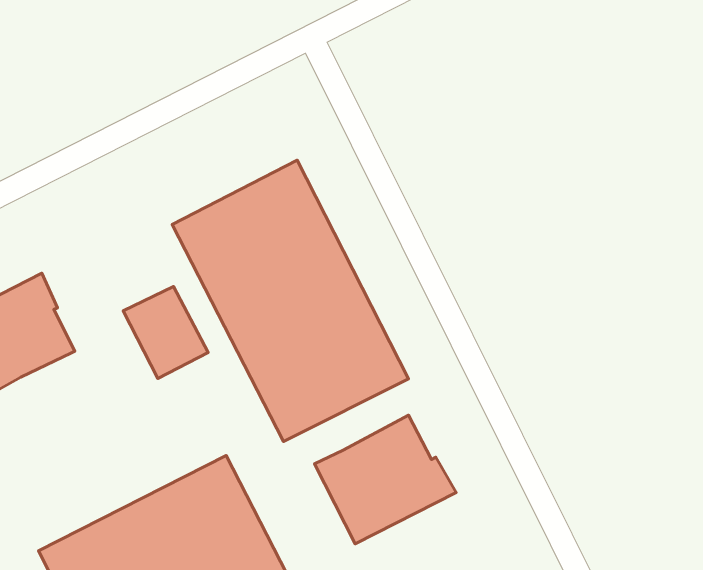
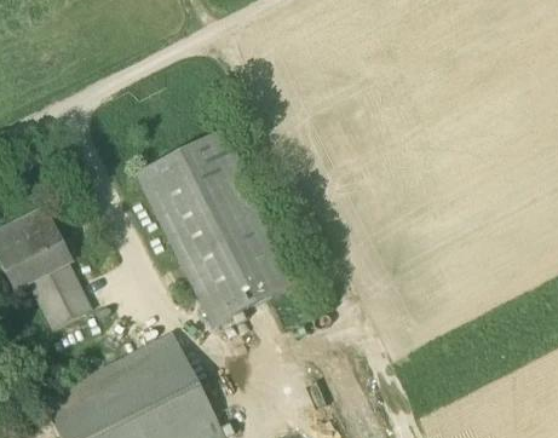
building: [123,287,208,379] -> [31,264,91,328]
building: [314,415,456,544] -> none

